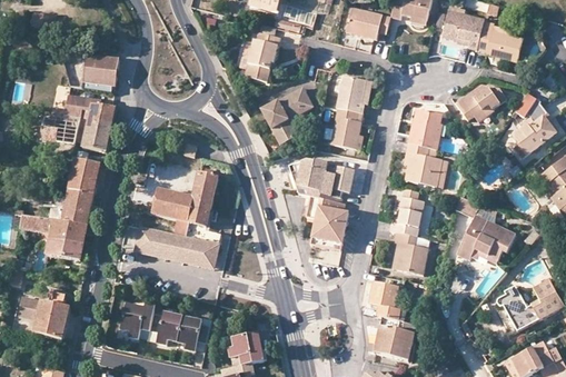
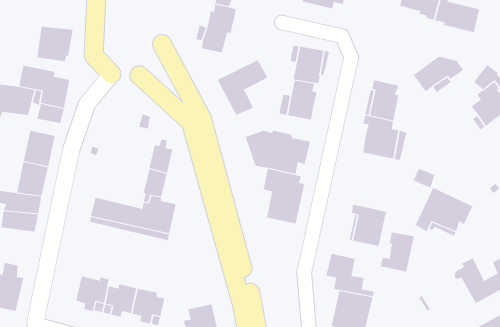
building: [153,190,192,236] -> none
building: [389,196,424,236] -> [380,232,415,272]

